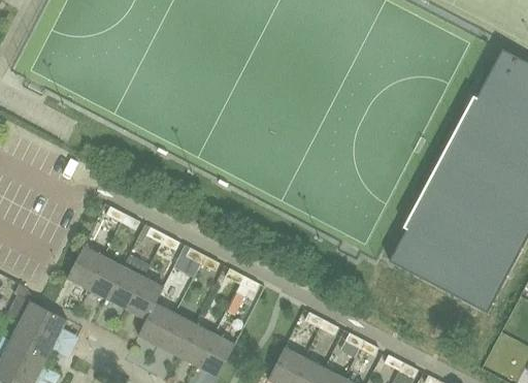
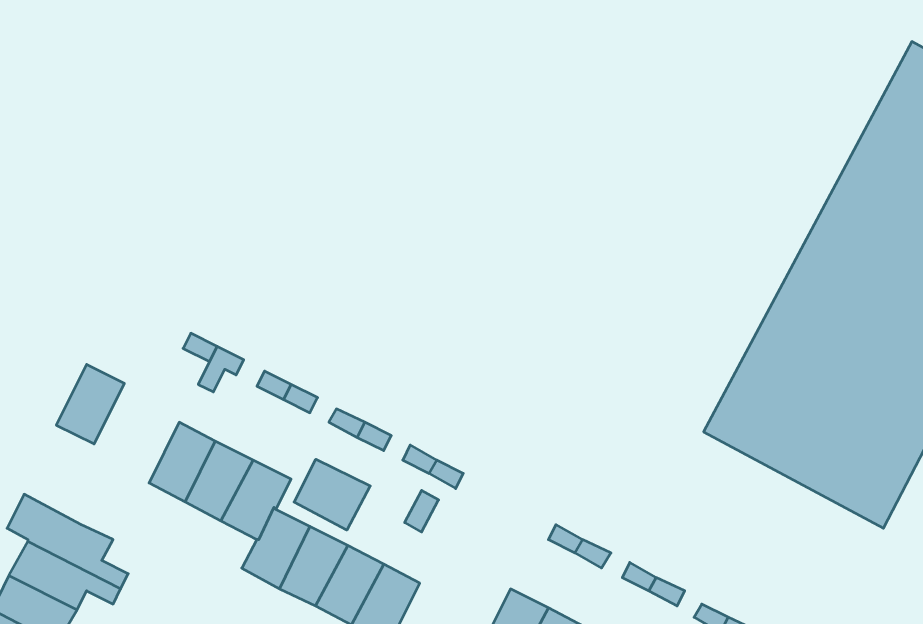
building: [66,245,103,288] -> [56,364,124,444]
building: none -> [294,459,370,530]

